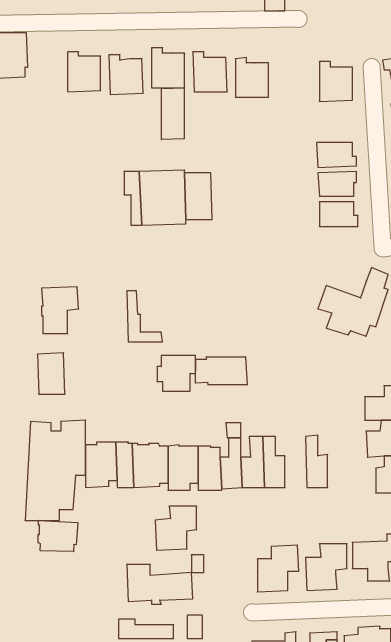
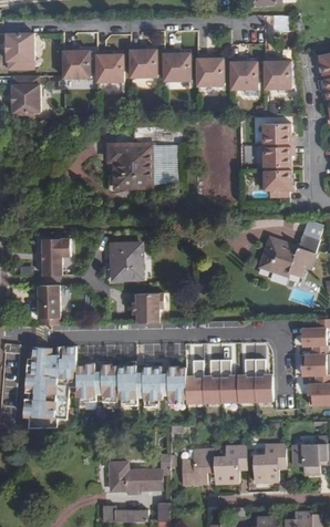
building: none -> [229,56,257,89]
building: none -> [11,78,39,114]
building: [162,88,184,140] -> none
building: none -> [116,240,146,275]
building: [195,357,247,385] -> none
building: none -> [236,359,254,400]
building: [155,506,197,550] -> [181,450,214,485]
building: [38,520,78,552] -> none

